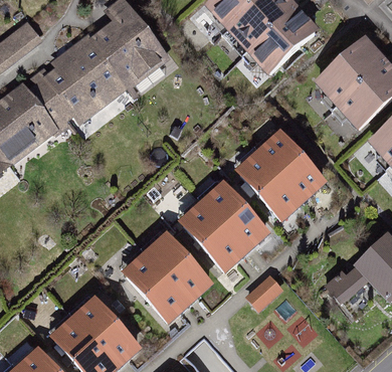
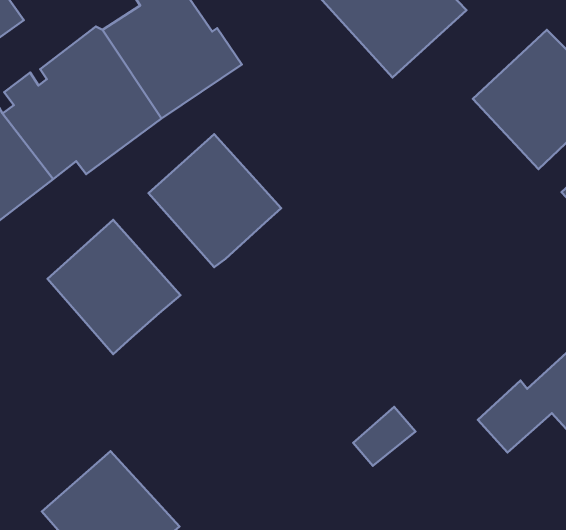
building: [239,135,321,216] -> none
building: [184,184,265,265] -> [148,134,281,267]
building: [126,236,207,319] -> [48,220,180,354]

